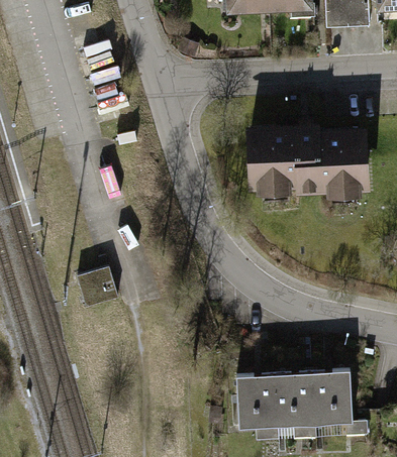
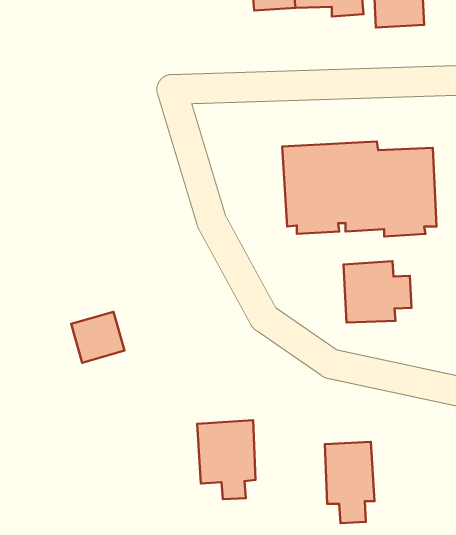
building: none -> [343,261,411,323]
building: [319,370,367,436] -> none
building: [234,374,283,440] -> [197,420,256,499]

